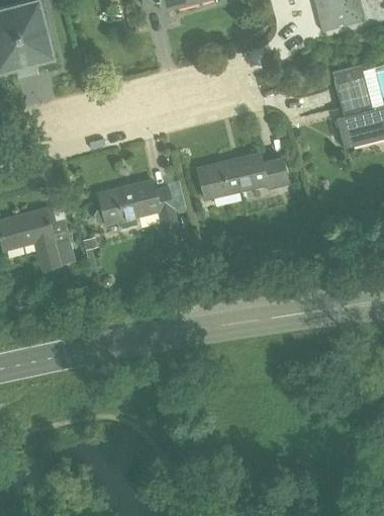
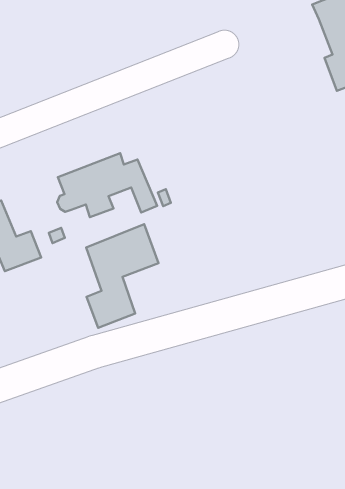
building: [197,152,288,197] -> none
building: none -> [86,224,158,328]

